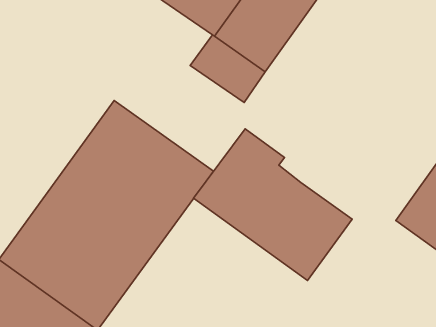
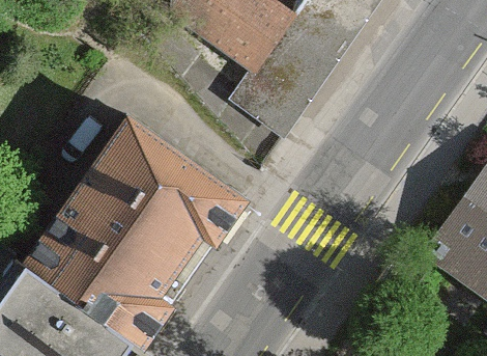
building: [194,129,352,281] -> none

